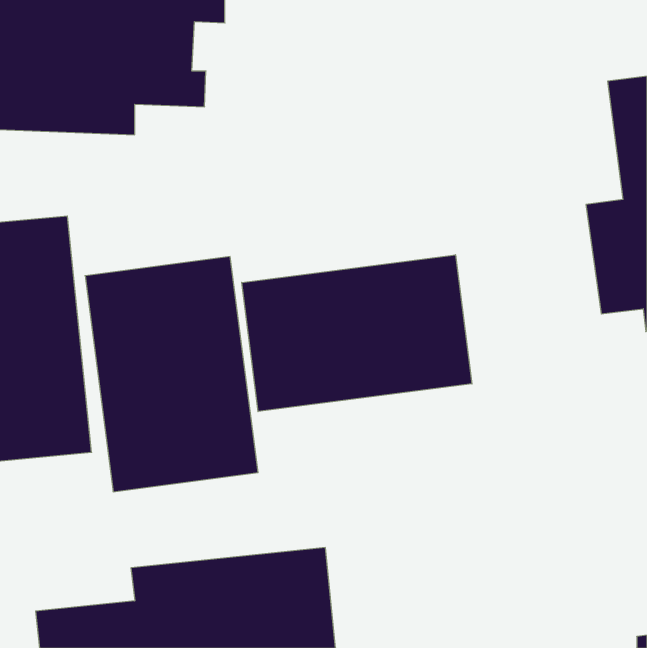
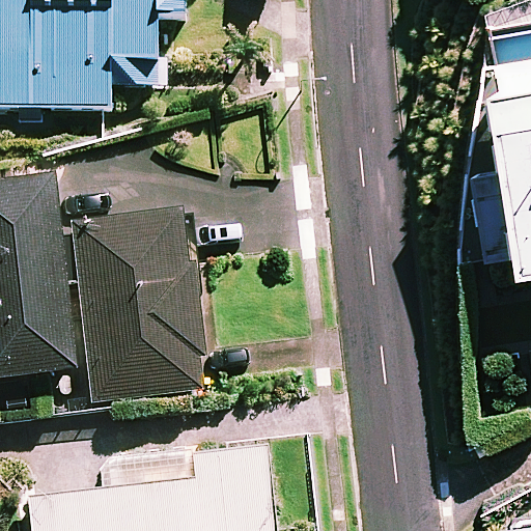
building: [242,255,472,412] -> none

